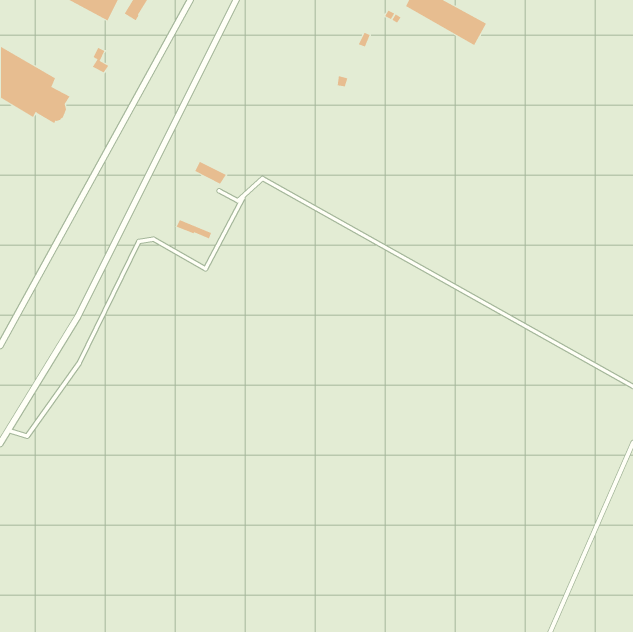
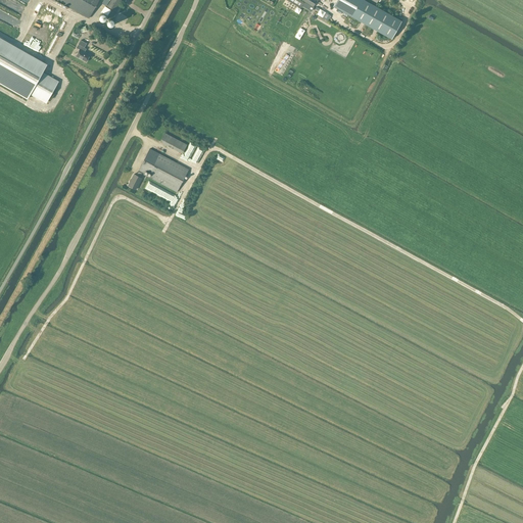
building: none -> [128,148,189,191]

